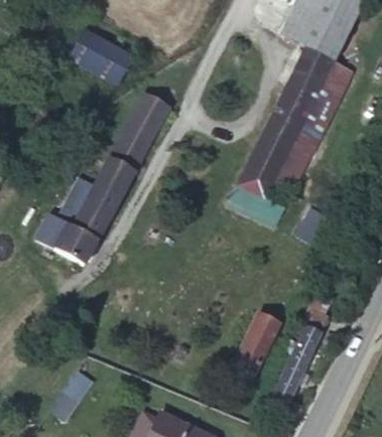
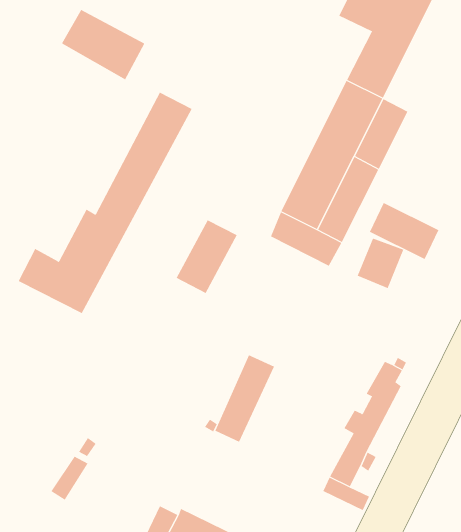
building: [315,61,353,108] -> none
building: none -> [369,202,439,260]
building: none -> [176,219,237,294]
building: [232,311,278,379] -> [214,355,275,443]

